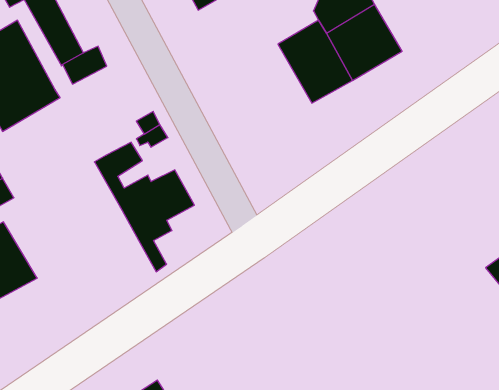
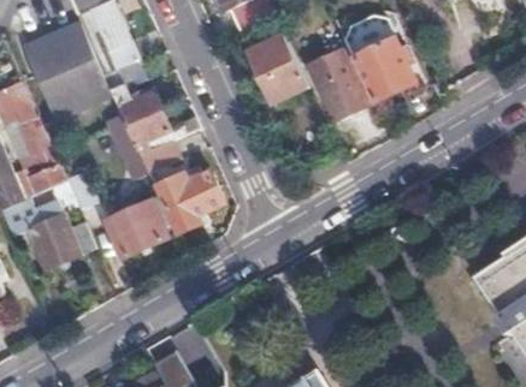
building: none -> [247,31,306,101]
building: none -> [107,85,170,154]
building: none -> [104,196,170,257]

